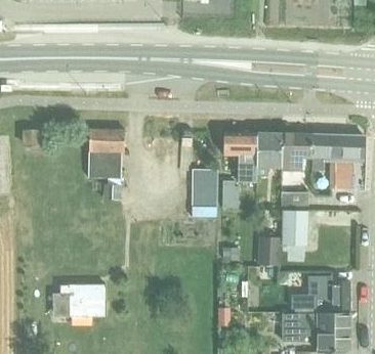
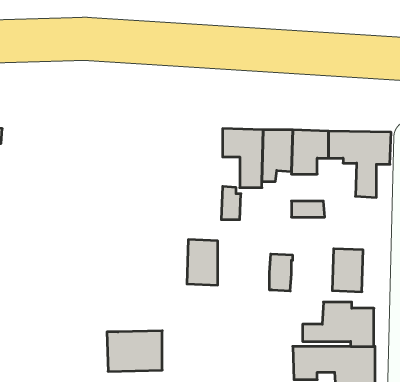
building: [88,129,125,200] -> none
building: [192,169,217,207] -> [187,240,218,285]
building: [282,210,307,246] -> [332,249,363,292]
building: [59,283,106,317] -> [107,331,162,371]

